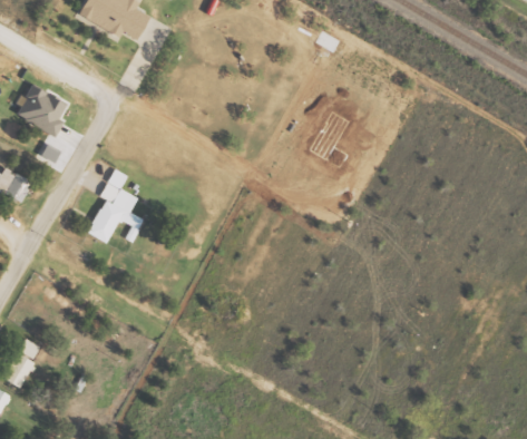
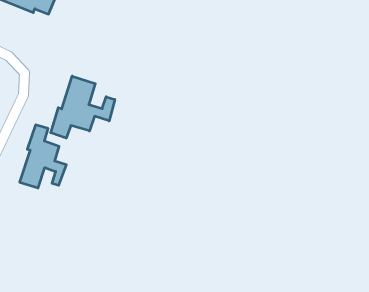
building: none -> [51,76,115,138]

